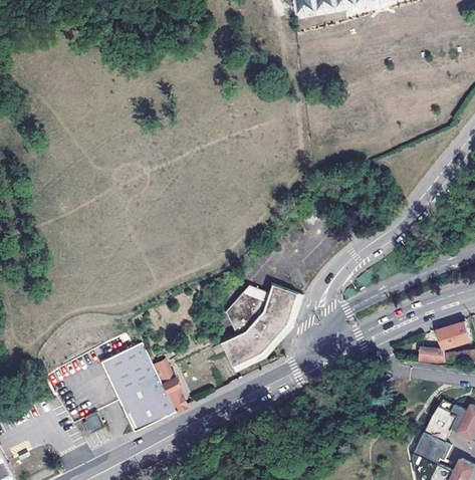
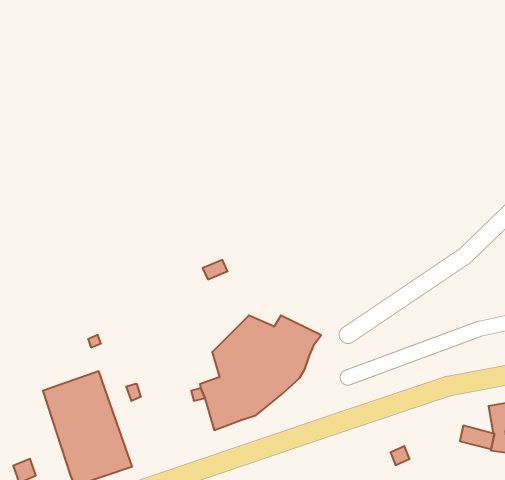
building: [152,359,184,410] -> none

